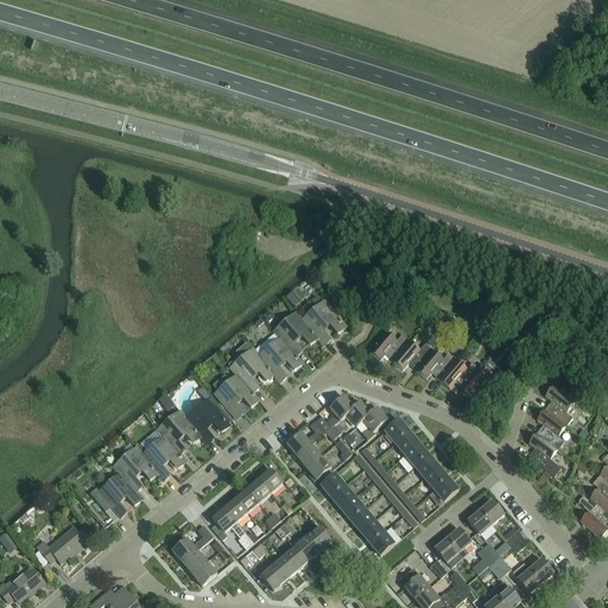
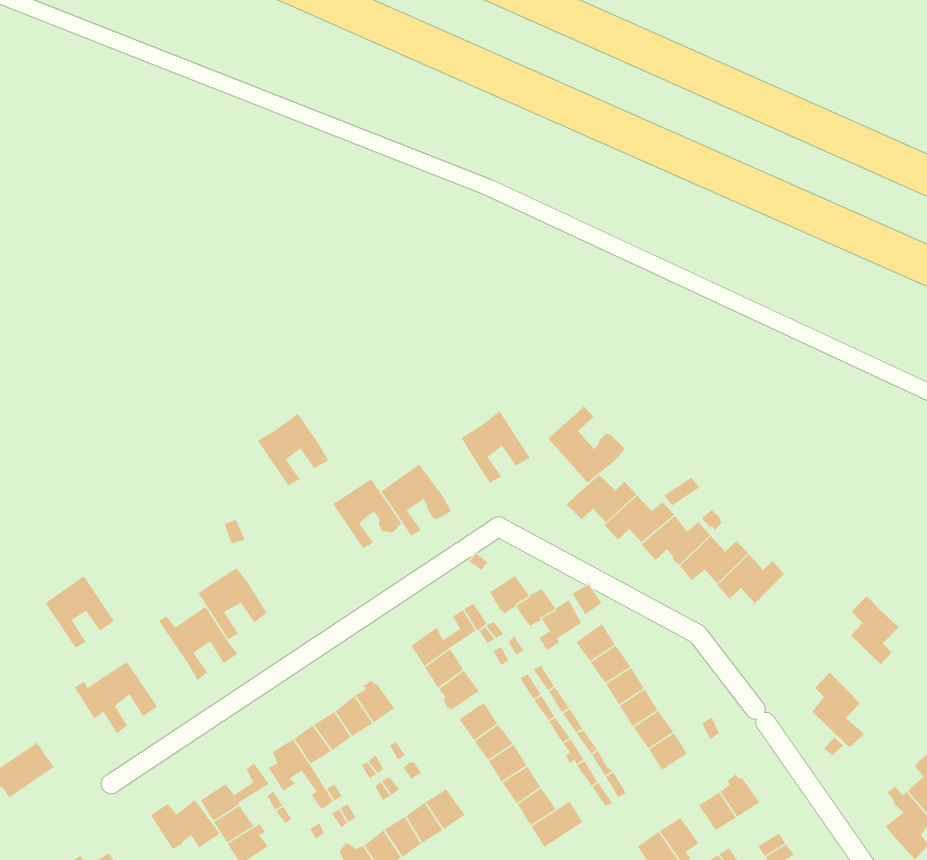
building: none -> [548,406,626,483]
building: [273,311,316,354] -> none
building: [214,373,258,417] -> [257,413,329,486]
building: [185,398,228,443] -> none
building: [536,407,565,448] -> none
building: [114,446,157,490] -> [45,575,115,649]
building: none -> [150,799,220,850]

